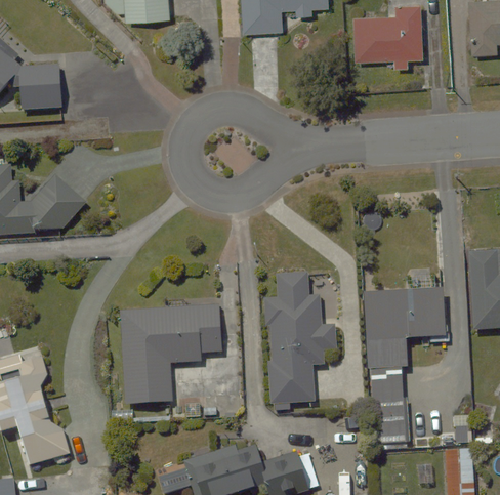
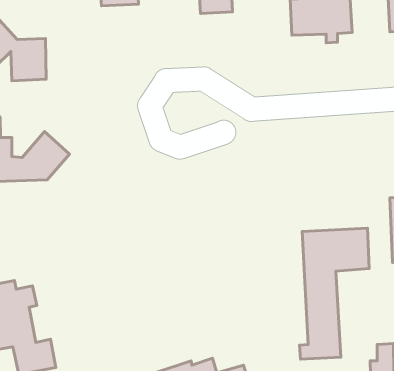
building: [261,272,342,410] -> none
building: [119,301,222,405] -> none

